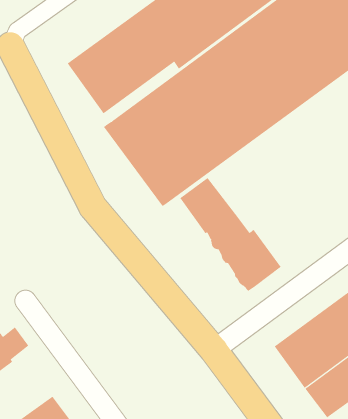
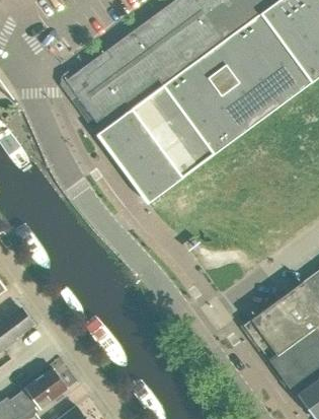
building: [180,177,282,292] -> none

